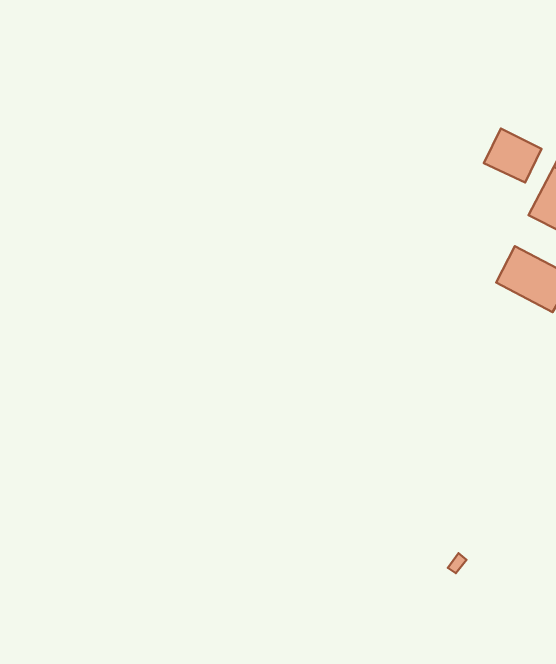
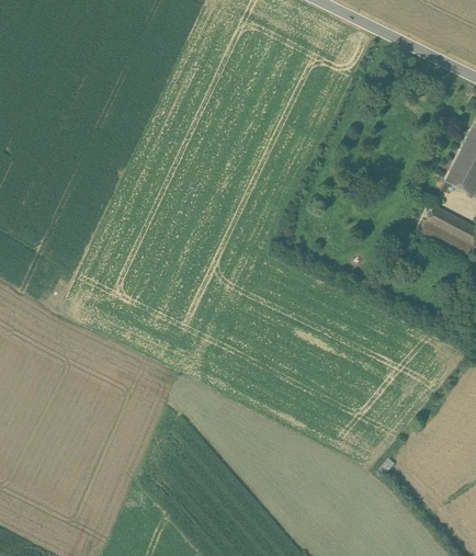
building: [484,129,541,183] -> none

